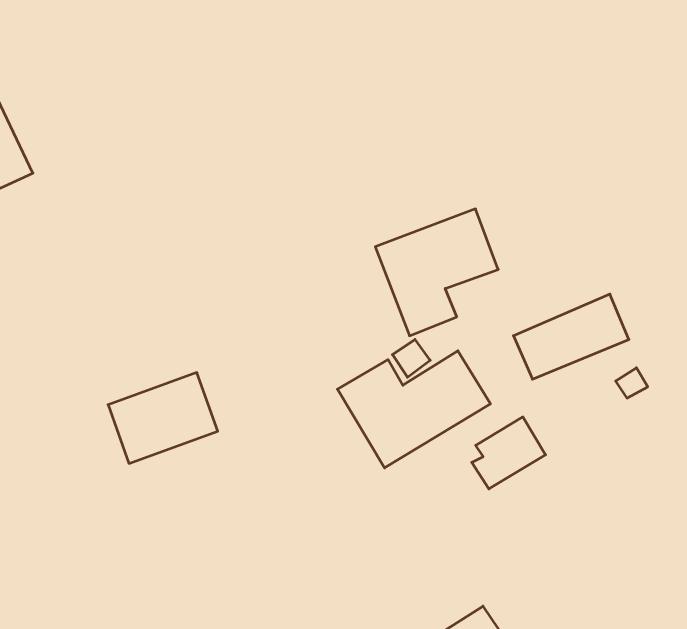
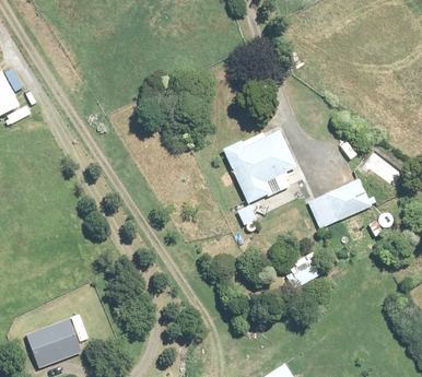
building: [337,351,490,468] -> none
building: [108,373,218,463] -> [26,316,90,368]

